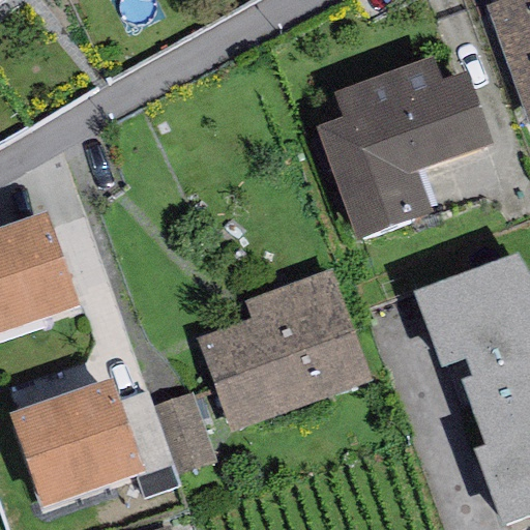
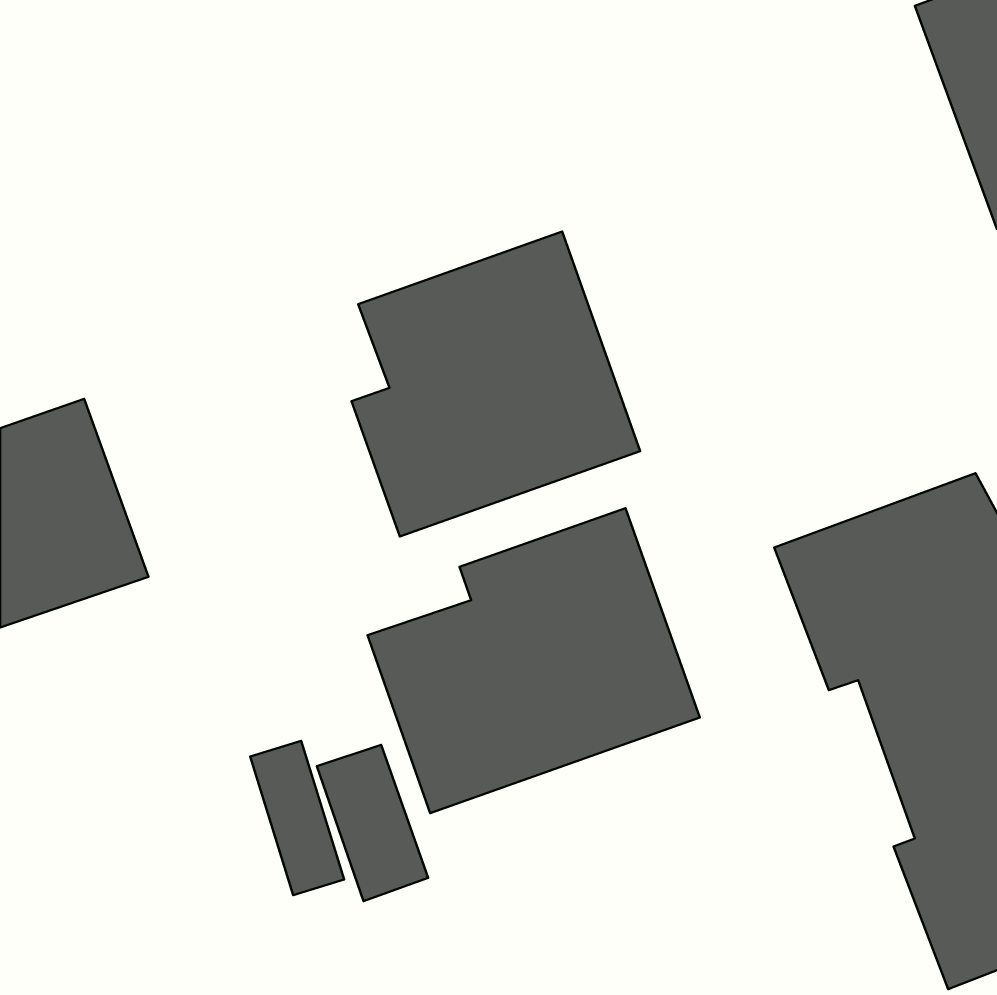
building: [317,55,493,237] -> none
building: none -> [351,231,640,536]
building: [10,378,145,507] -> none

